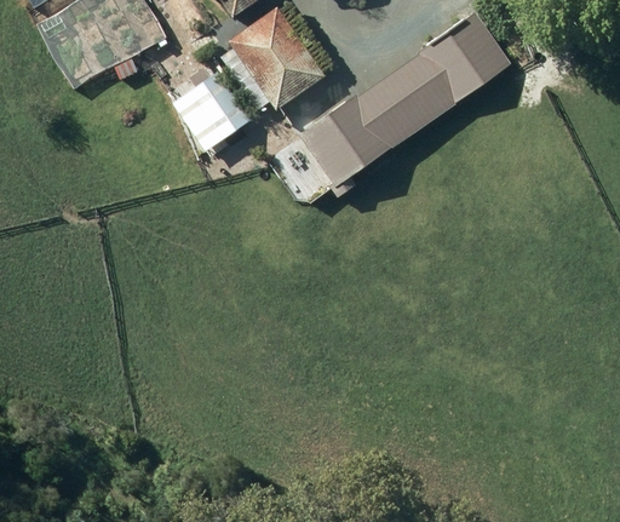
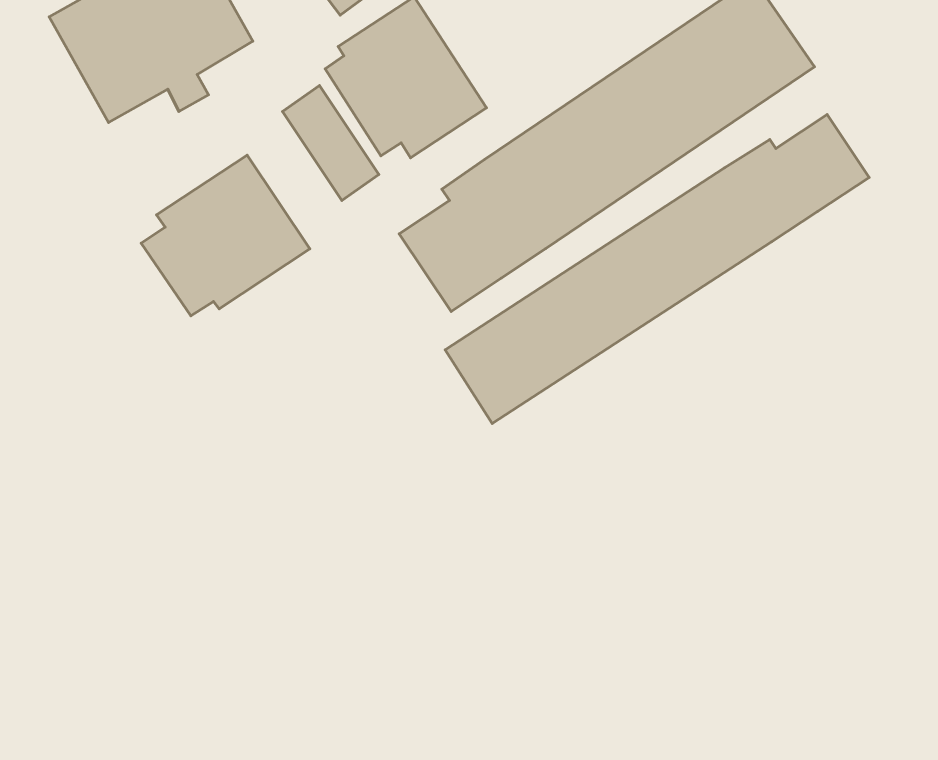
building: none -> [445,114,869,423]
building: none -> [141,155,310,316]

